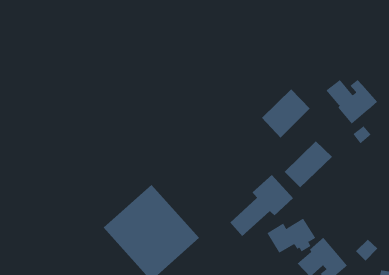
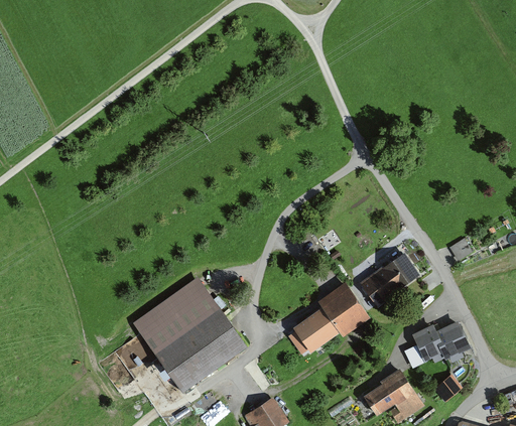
building: [326,79,378,124] -> none
building: [261,89,310,139] -> none
building: [266,218,316,253] -> [411,322,471,364]

